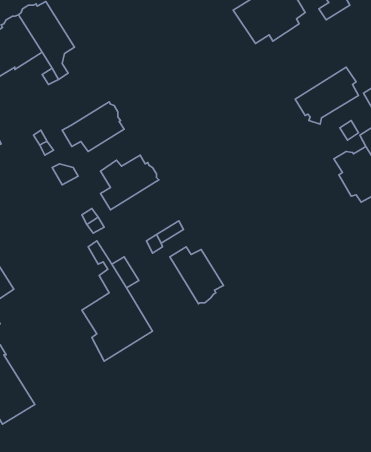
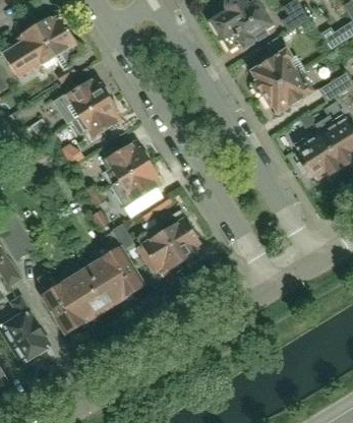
building: none -> [251,48,304,95]
building: none -> [54,76,110,123]
building: none -> [111,161,162,207]
building: none -> [137,224,183,274]
building: none -> [38,267,106,335]

